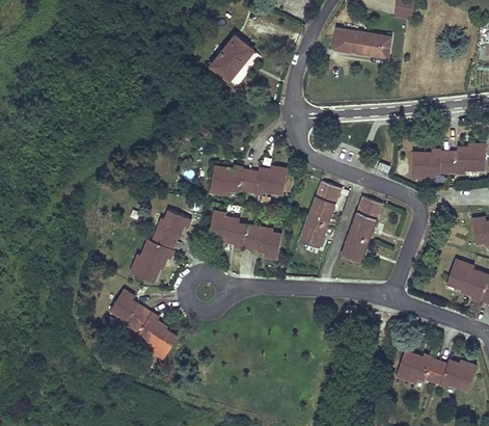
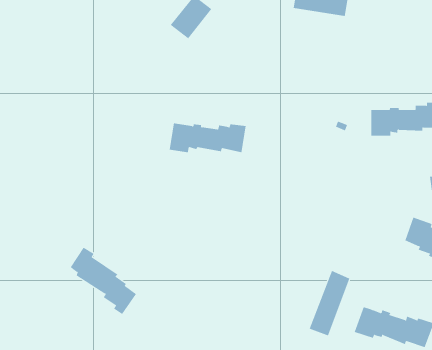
building: [300,182,342,248] -> none
building: [341,196,382,263] -> [309,270,350,336]
building: [130,210,191,283] -> none
building: [209,211,281,259] -> none

